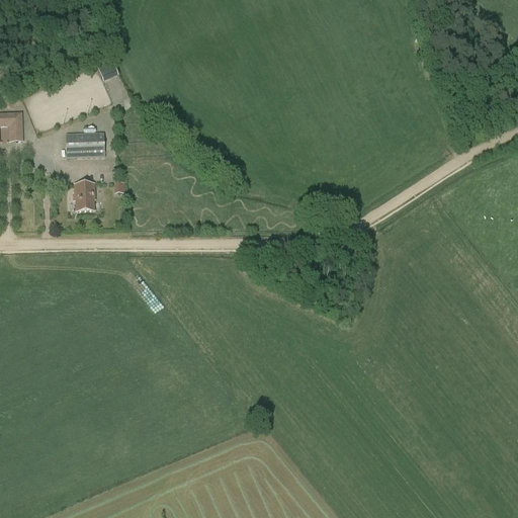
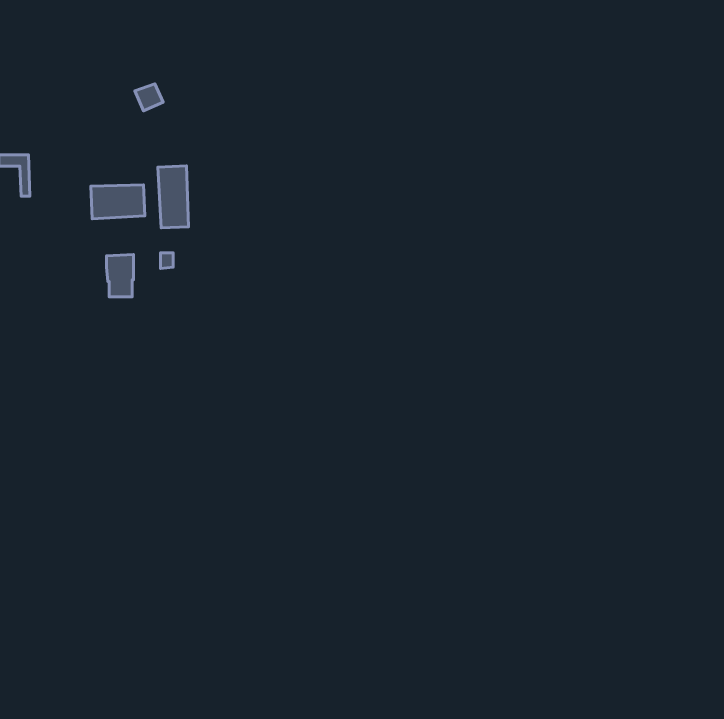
building: none -> [158,166,189,228]

